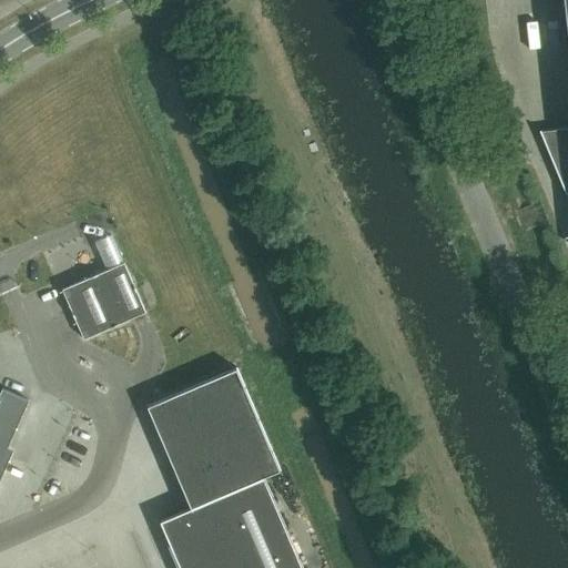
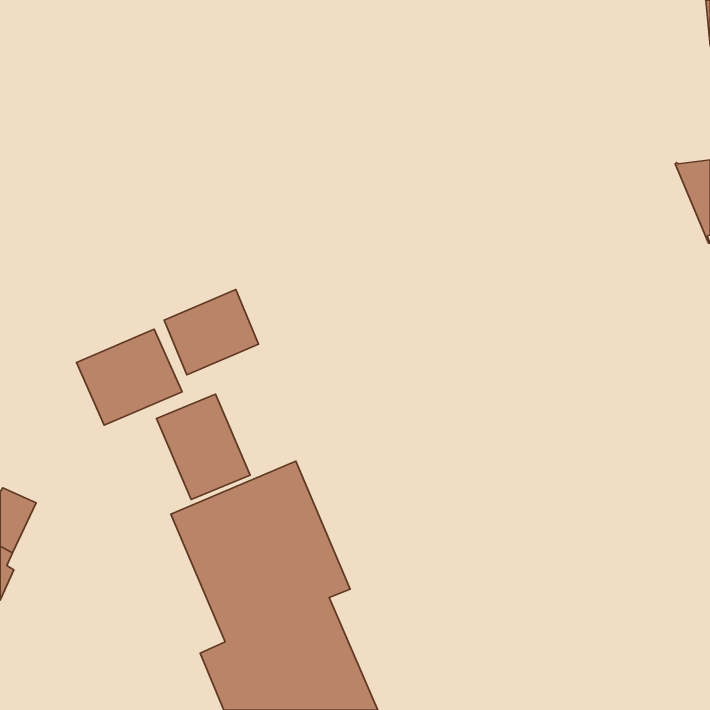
building: none -> [164,290,258,375]
building: none -> [156,394,250,499]

